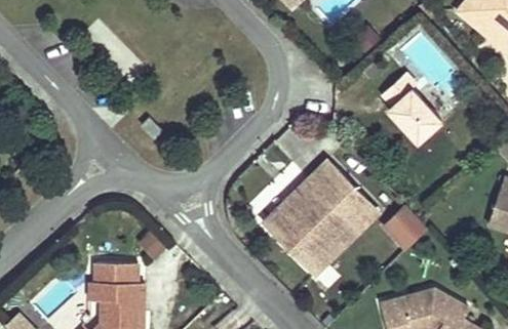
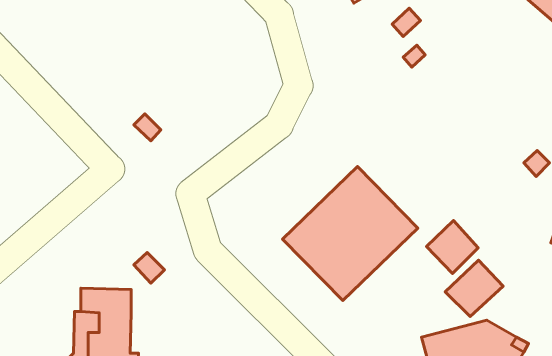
building: [383,72,441,141] -> none
building: none -> [445,260,503,316]

